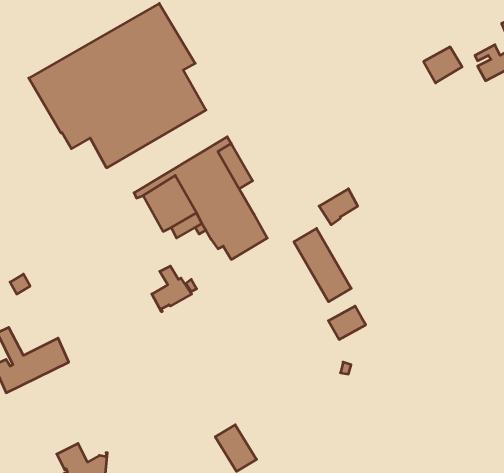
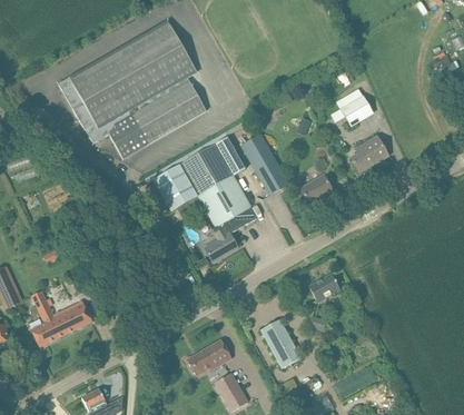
building: [424,47,462,83] -> [340,95,373,125]
building: none -> [351,135,388,171]
building: [294,228,351,302] -> [241,132,289,194]
building: [152,266,192,311] -> [205,223,238,260]
building: none -> [260,318,302,367]
building: none -> [187,338,231,375]

